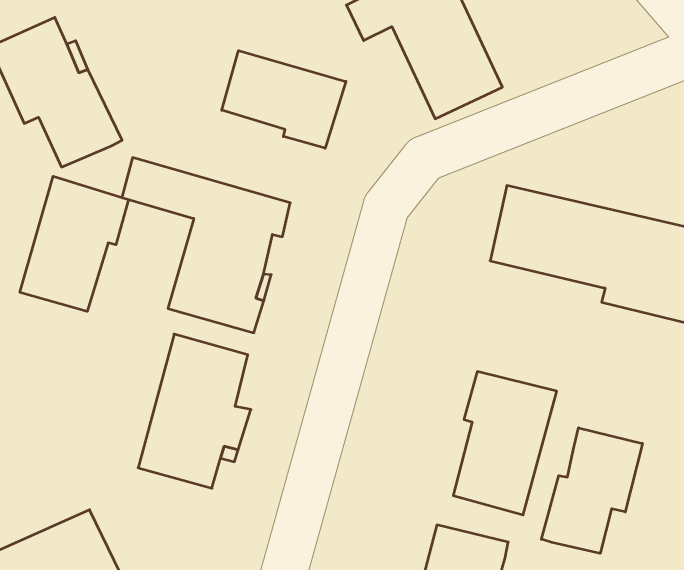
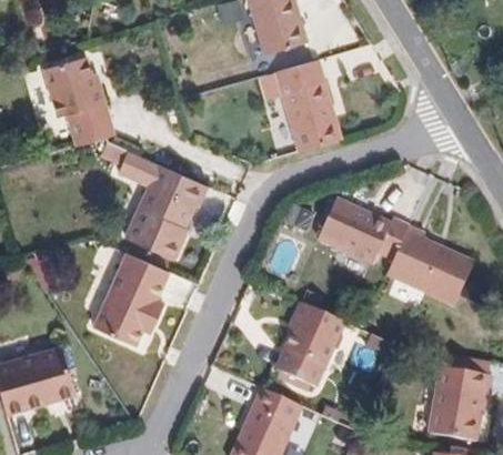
building: [222,51,346,148] -> none
building: [20,176,129,311] -> none
building: [541,428,642,553] -> none

